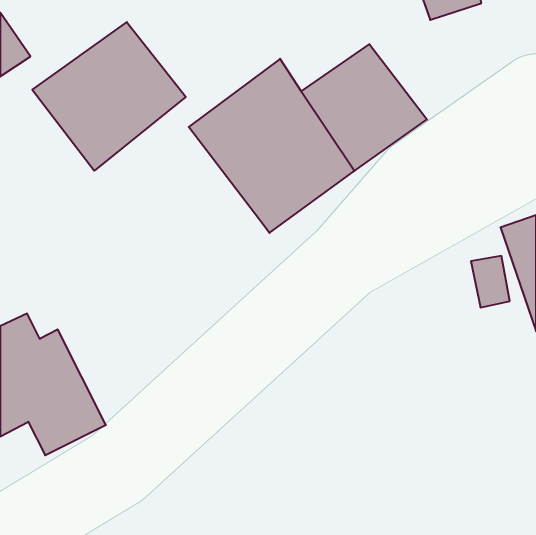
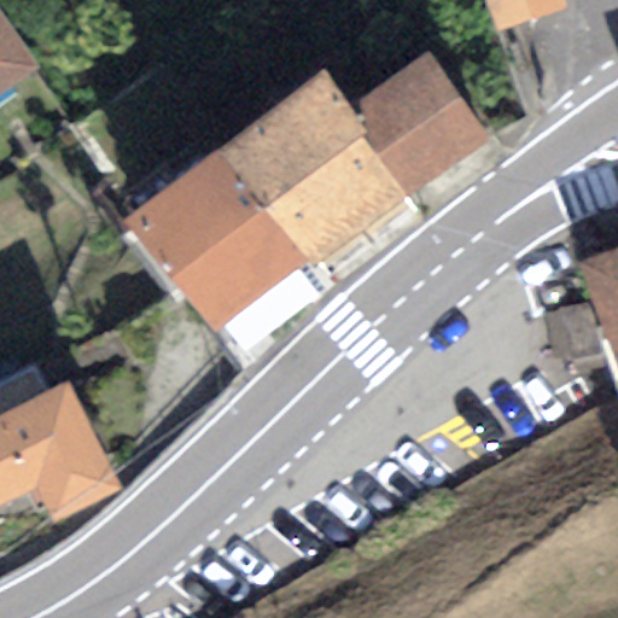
building: [32,22,186,171] -> none
building: none -> [122,146,304,331]

